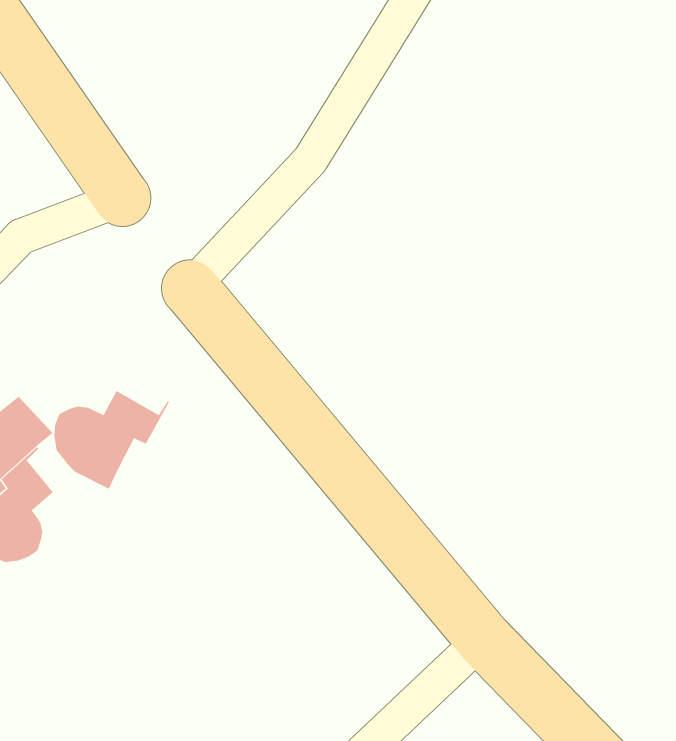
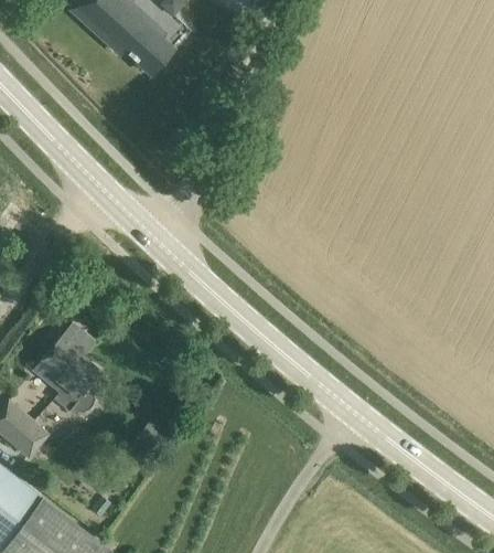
building: [53,390,170,490] -> none

